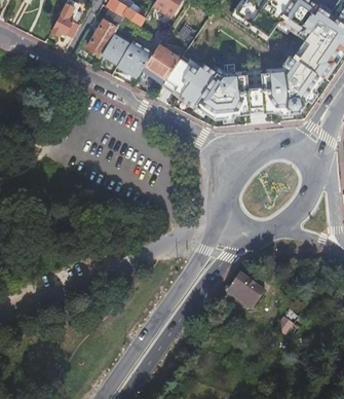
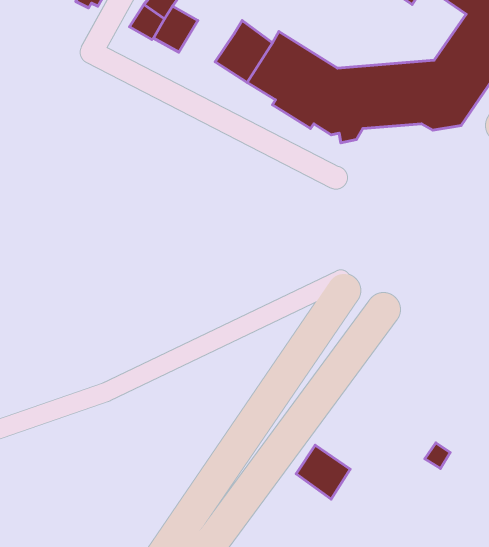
building: [118,39,154,75] -> none
building: [230,275,265,310] -> [296,445,350,499]

